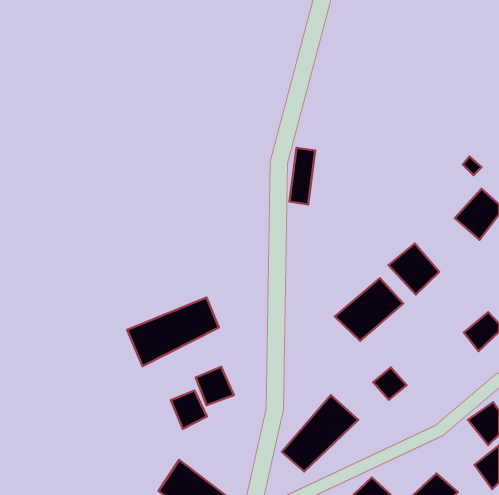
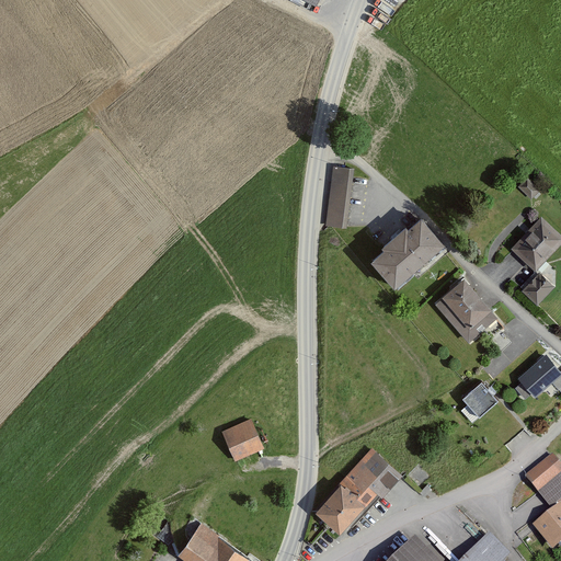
building: none -> [520,277,552,307]
building: [335,278,403,341] -> [370,218,447,288]
building: [127,298,219,366] -> none
building: [373,367,406,400] -> [462,381,500,417]
building: [171,390,207,429] -> none

